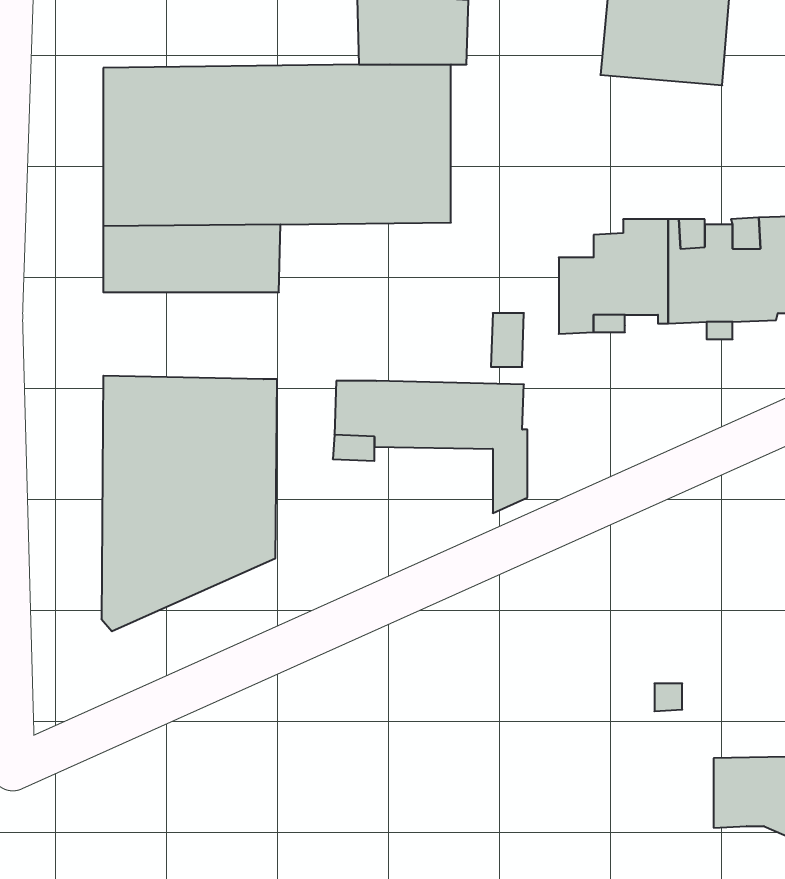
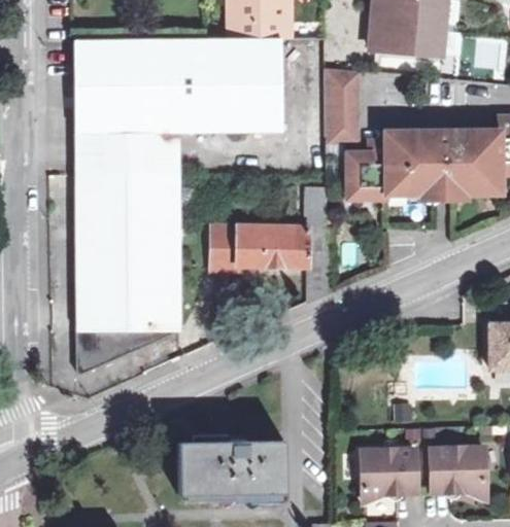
building: none -> [326,67,356,140]
building: none -> [74,174,178,225]
building: none -> [182,441,288,495]
building: none -> [367,450,419,504]

